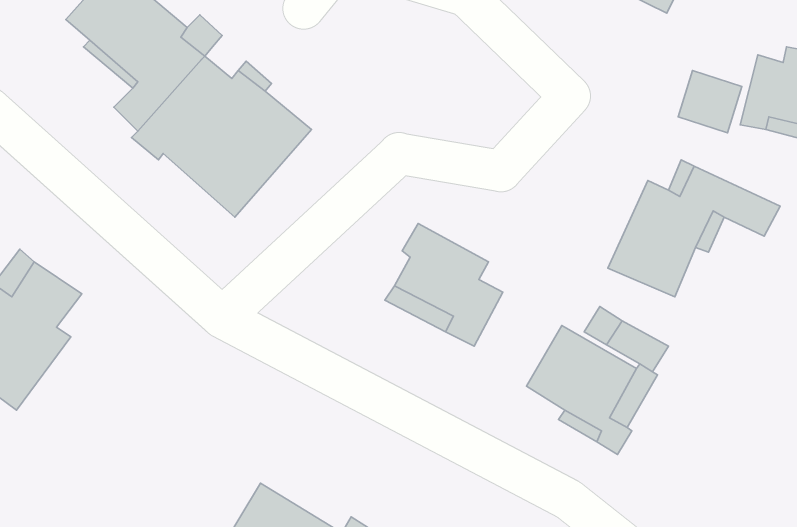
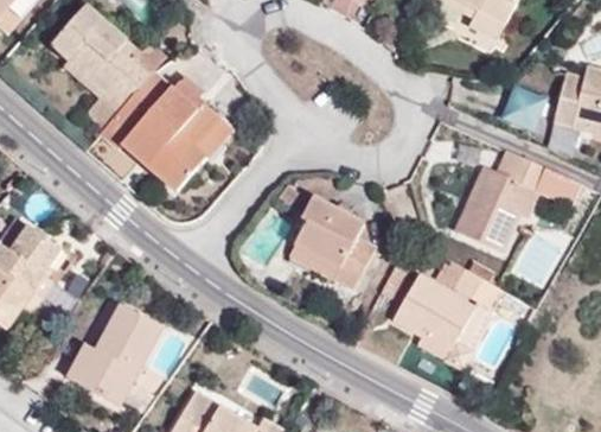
building: none -> [66,304,162,406]

